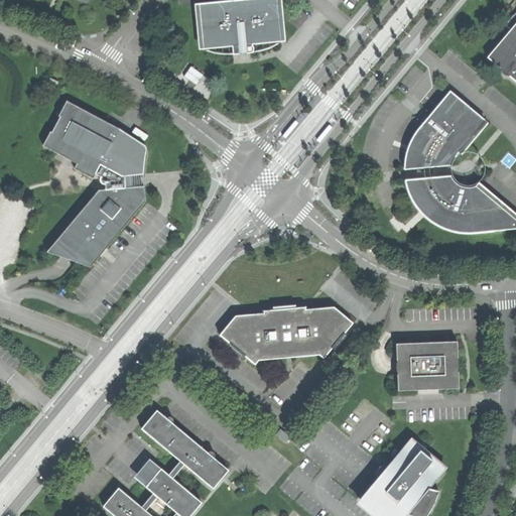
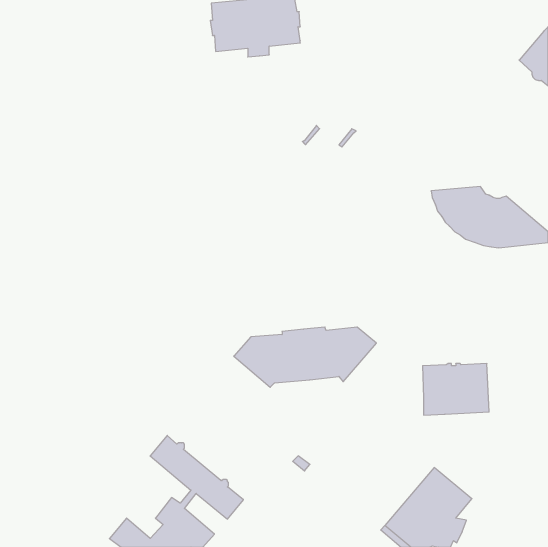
building: [404,90,485,168] -> none
building: [43,100,146,266] -> none
building: [134,459,161,487] -> none

